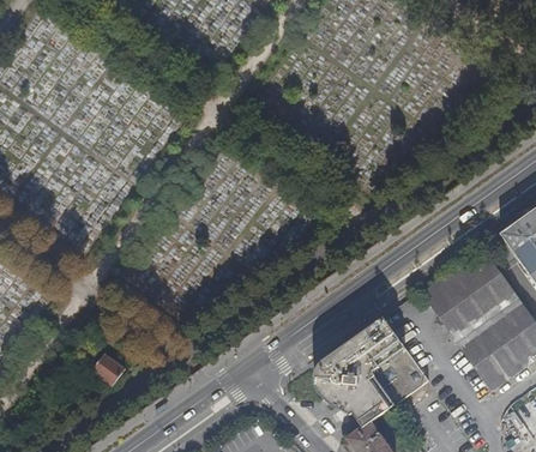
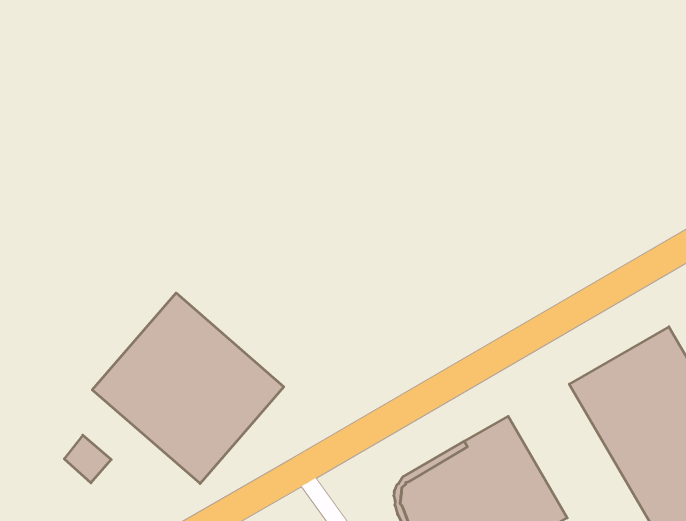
building: none -> [92,293,284,484]

